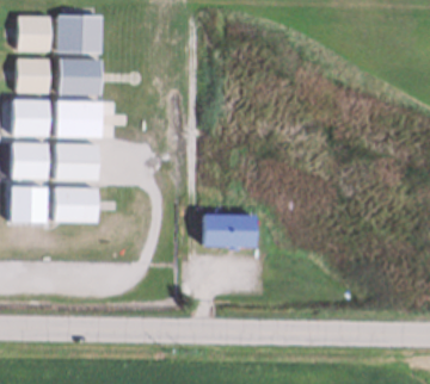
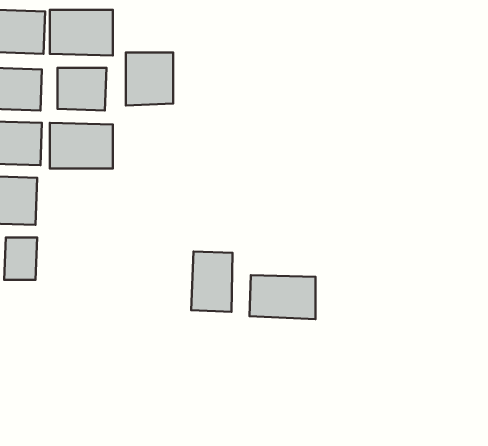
building: none -> [126,52,173,105]
building: [55,144,103,179] -> none
building: [54,187,97,222] -> none
building: none -> [191,251,233,312]

